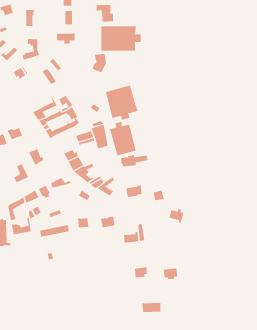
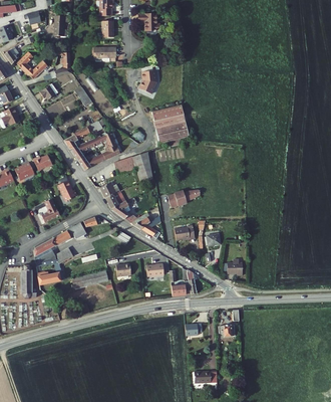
building: [101,25,141,52] -> none
building: [109,121,136,156] -> none

